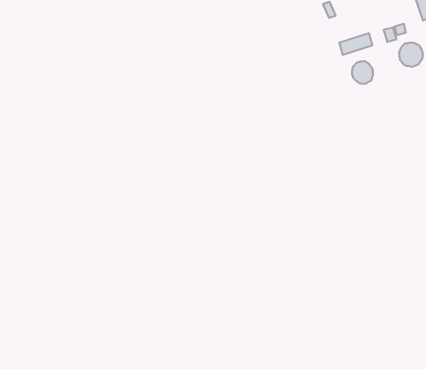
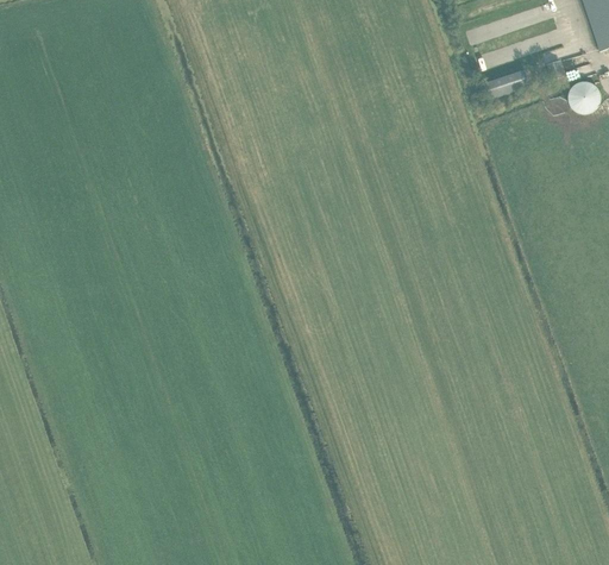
building: [352,61,373,84] -> none

